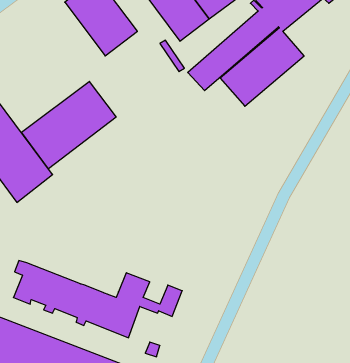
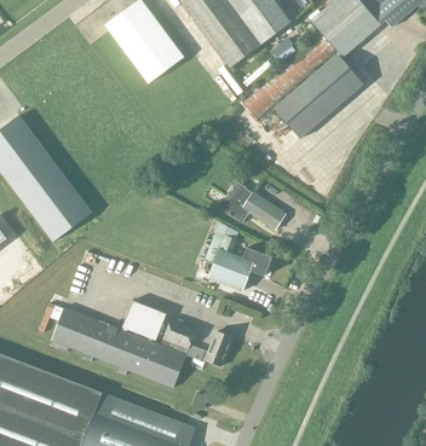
building: [22,81,116,169] -> none
building: none -> [219,181,286,230]
building: none -> [208,234,272,290]
building: none -> [122,300,167,341]

